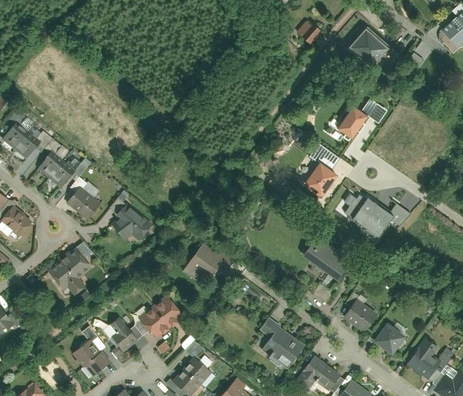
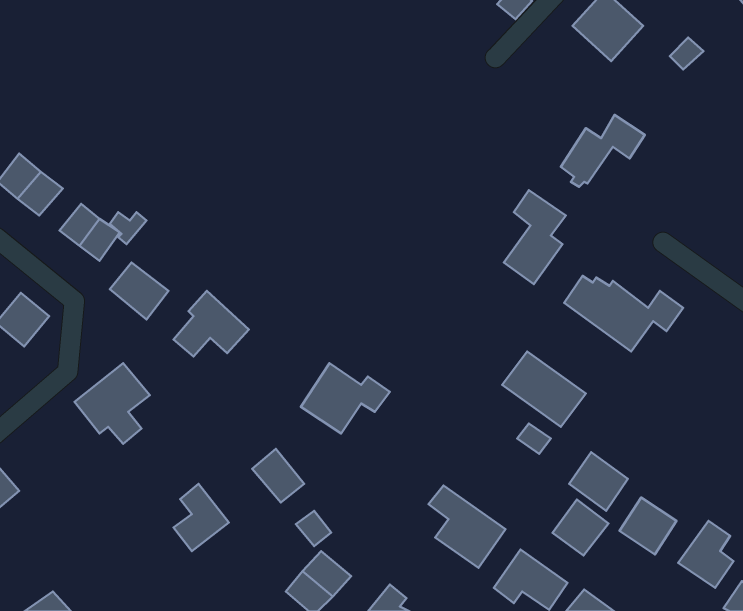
building: [139,309,170,341] -> none
building: none -> [553,499,608,556]
building: [73,341,112,379] -> none

